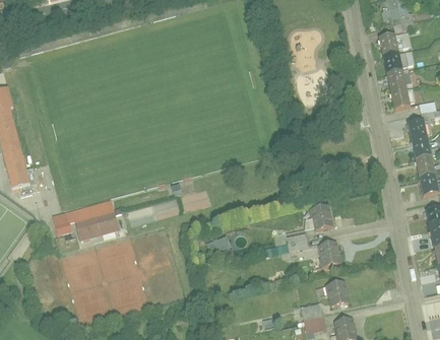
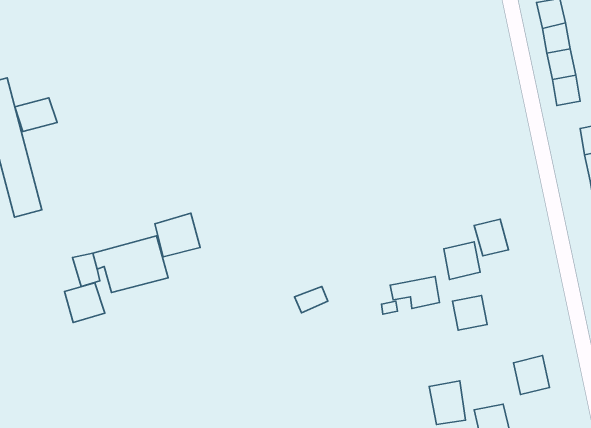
building: none -> [15,98,57,132]
building: none -> [155,213,200,257]
building: none -> [474,219,509,256]
building: none -> [64,283,105,323]
building: [326,279,352,307] -> [513,355,550,395]

